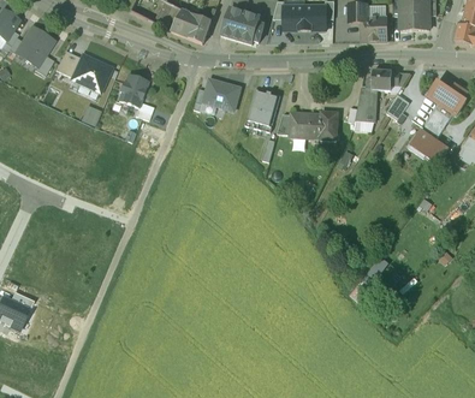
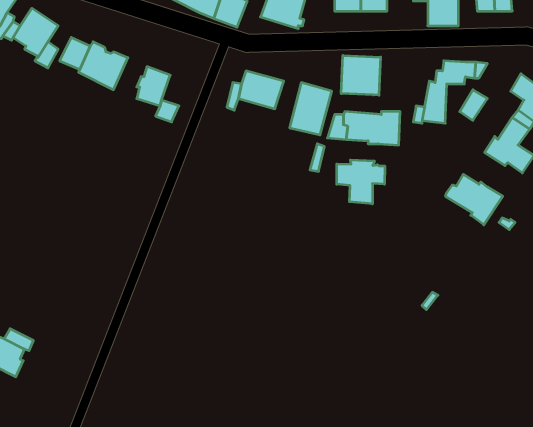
building: none -> [341,55,381,95]
building: none -> [337,160,385,204]
building: none -> [446,174,503,225]

